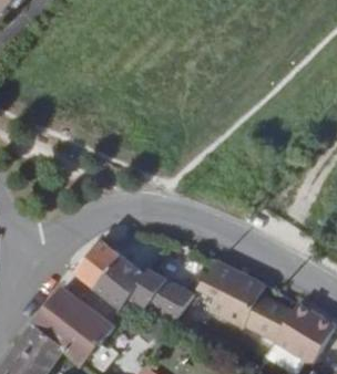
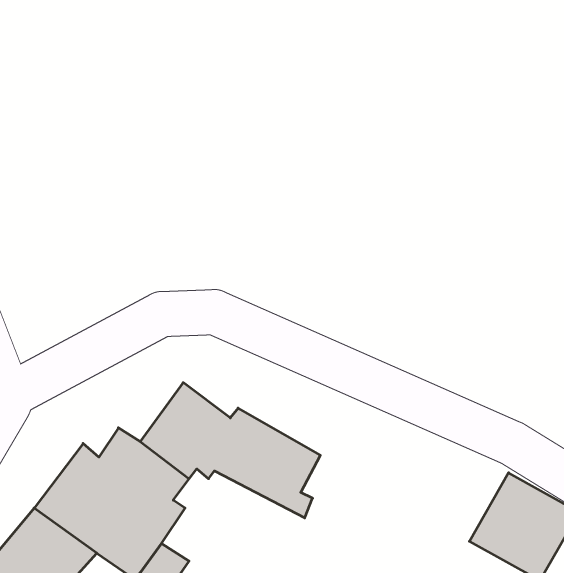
building: [74,239,119,285] -> none
building: [197,264,292,346] -> none

